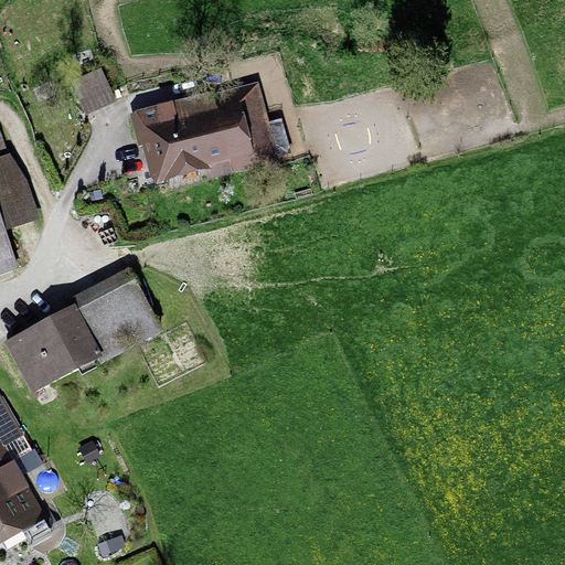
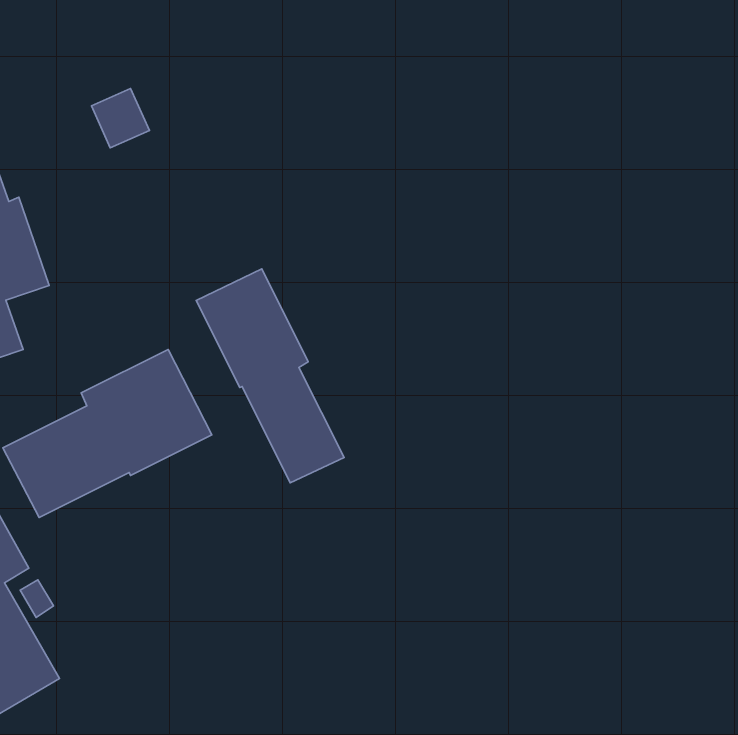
building: [127,79,277,182] -> none
building: none -> [196,269,344,483]

